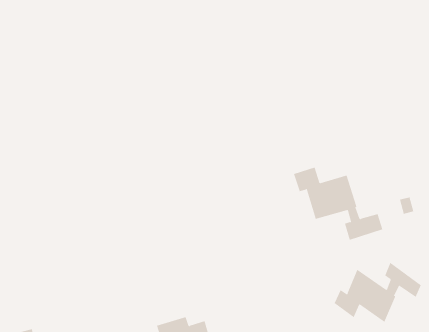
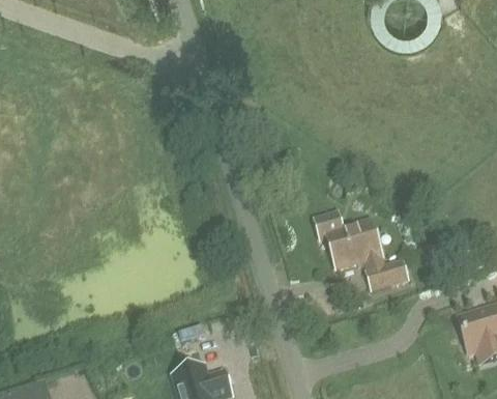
building: [334,262,421,323] -> none

